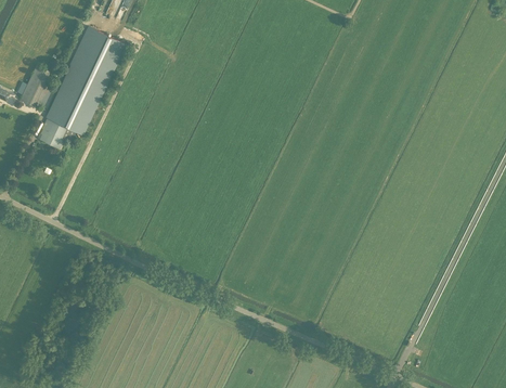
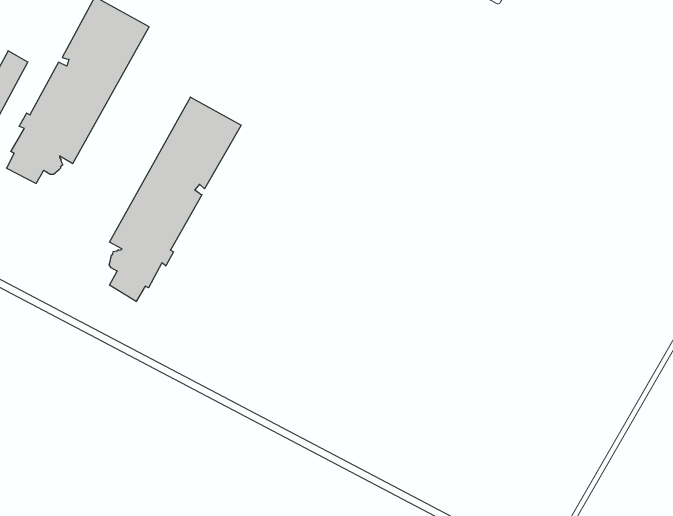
building: none -> [109,97,241,301]

